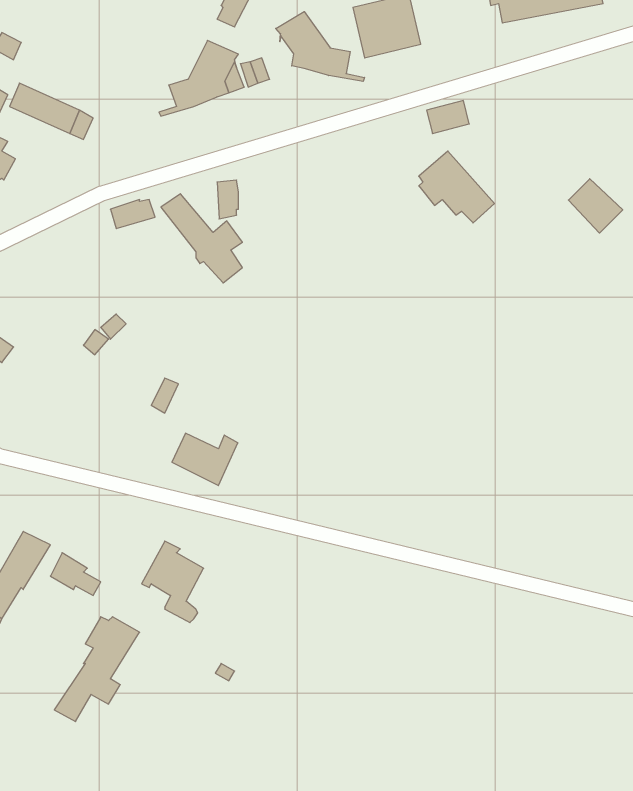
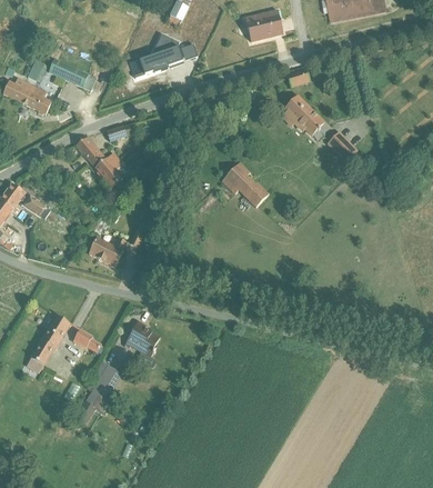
building: [276,12,364,81] -> none
building: [568,179,623,233] -> [326,132,358,163]
building: [161,194,242,283] -> [77,136,123,187]
building: none -> [222,163,271,212]
building: [172,433,238,486] -> [89,236,127,266]

